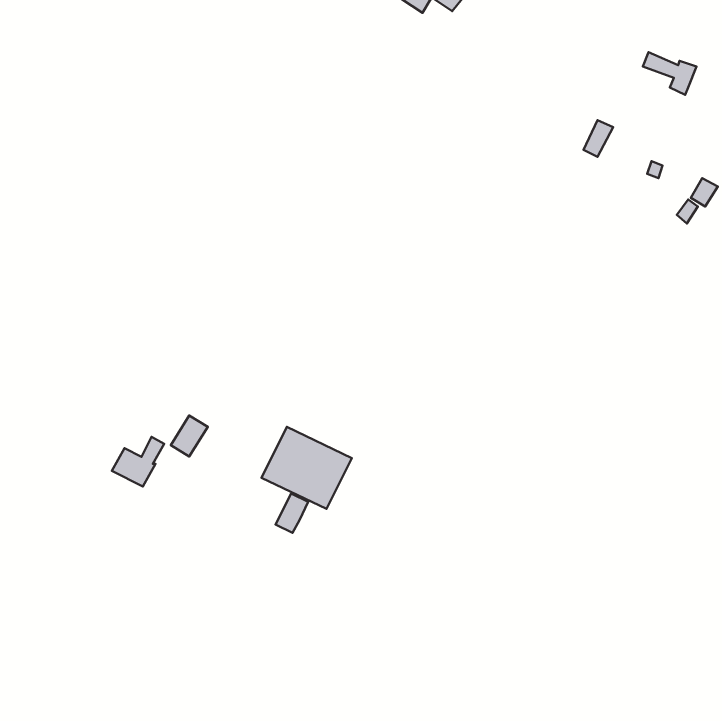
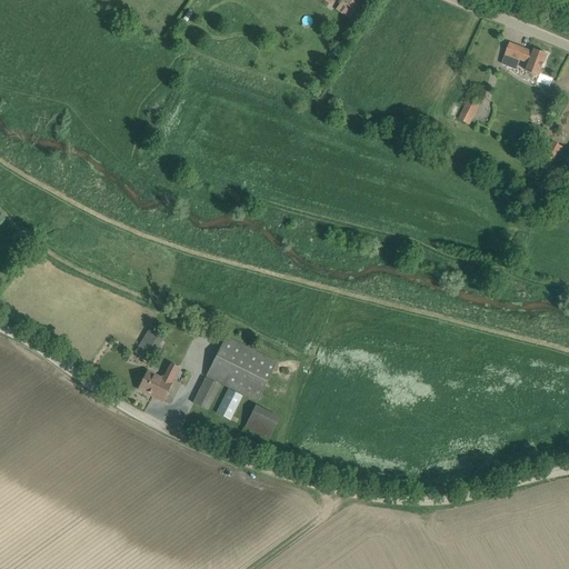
building: [112,437,164,486] -> [138,361,179,400]
building: none -> [193,377,220,409]
building: none -> [243,403,278,437]

